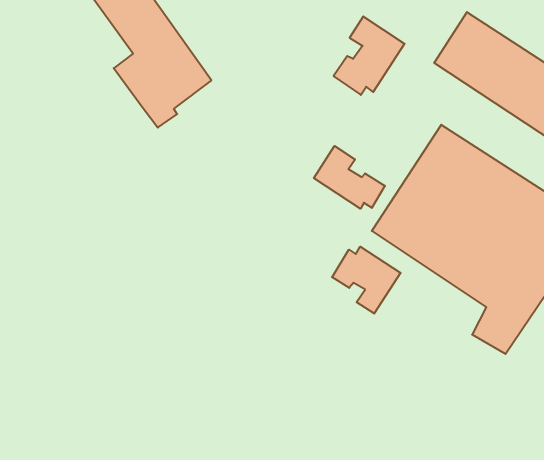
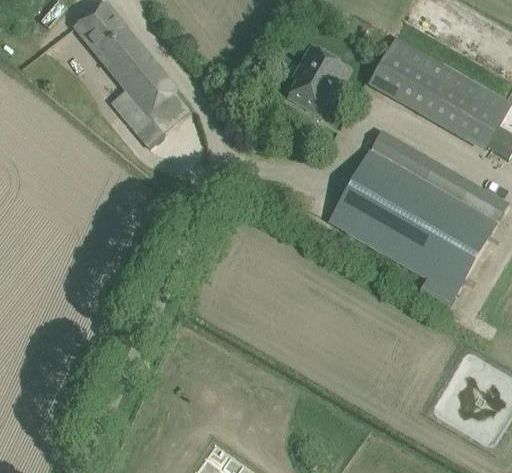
building: [314,146,385,209] -> none
building: [332,247,401,314] -> none

